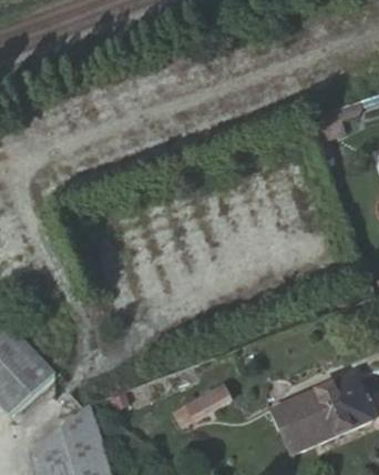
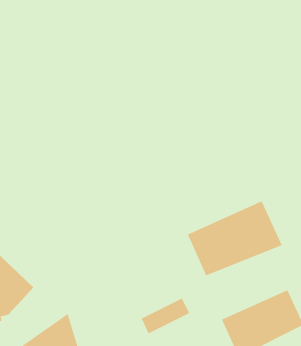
building: none -> [187,200,282,276]

